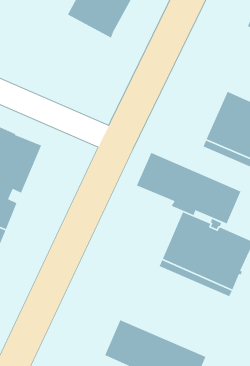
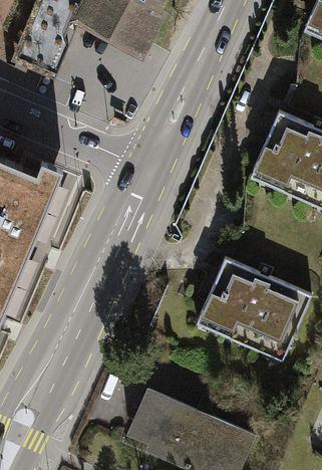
building: [136,152,242,224] -> none

